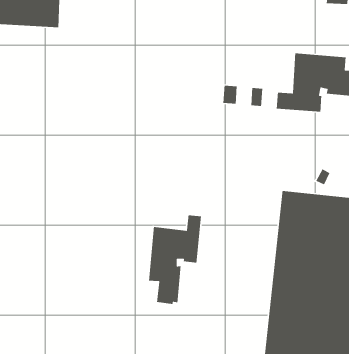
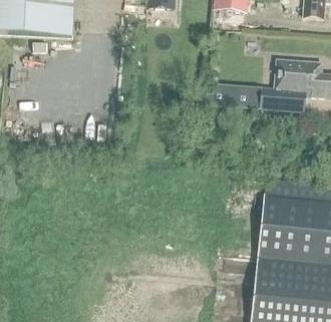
building: [148,214,202,305] -> none

